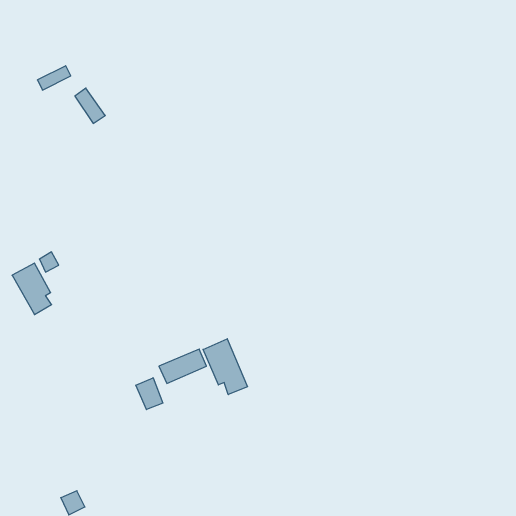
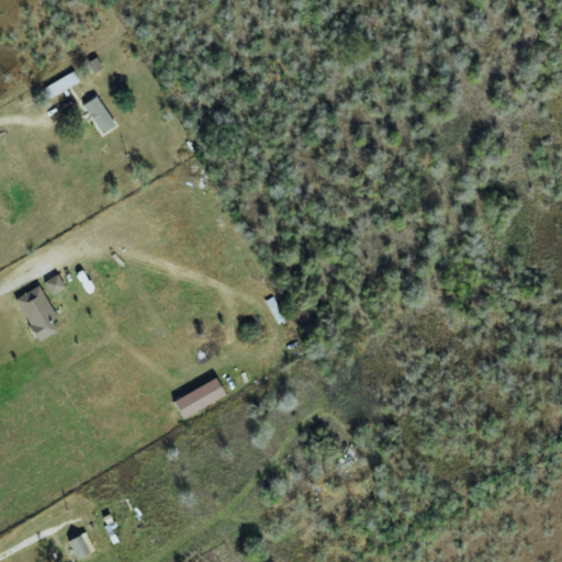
building: [203,339,248,395] -> none
building: [136,378,163,410] -> none

